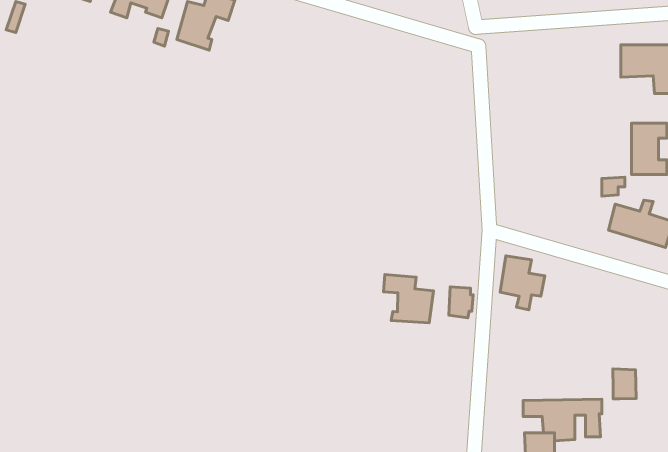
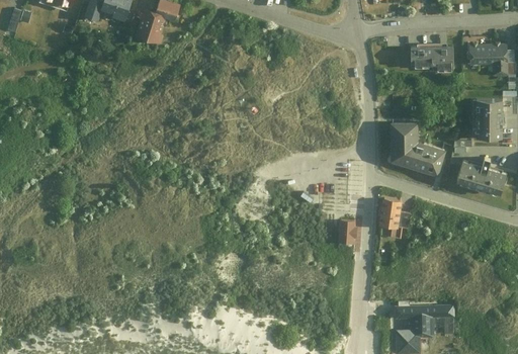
building: none -> [410,47,453,67]
building: none -> [392,121,447,176]
building: [384,274,433,323] -> none
building: [613,369,636,399] -> none

